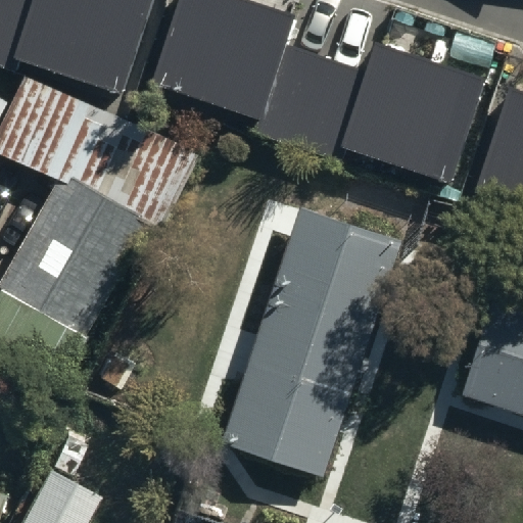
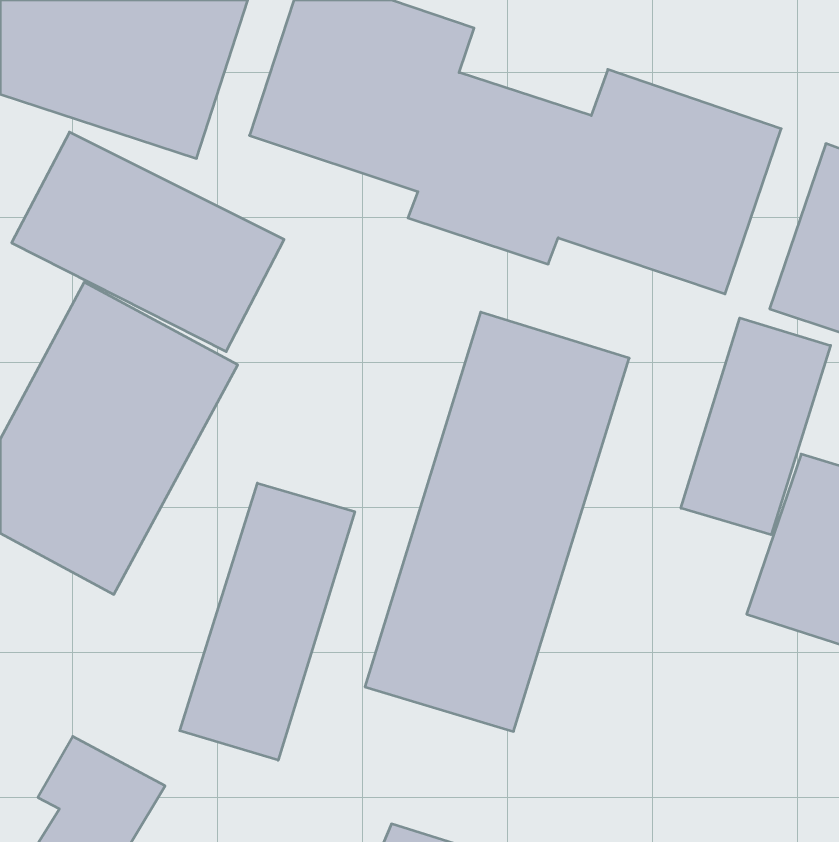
building: none -> [681,318,831,535]
building: none -> [180,483,355,760]

